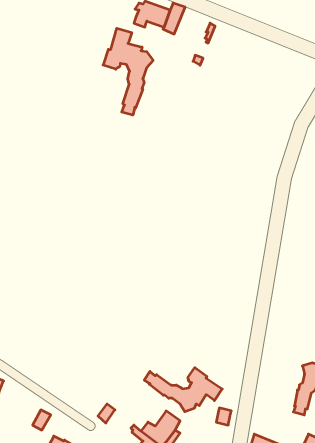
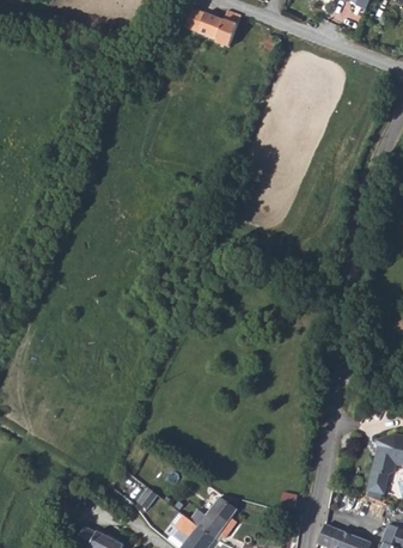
building: [103,28,153,115] -> none
building: [144,368,222,412] -> none

